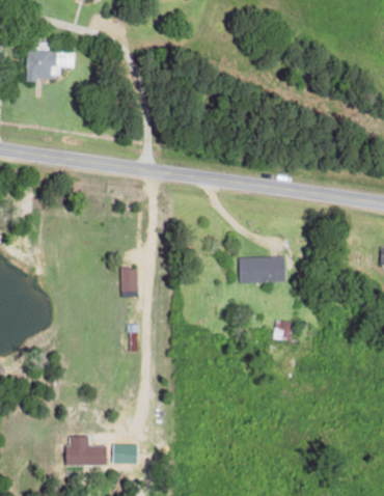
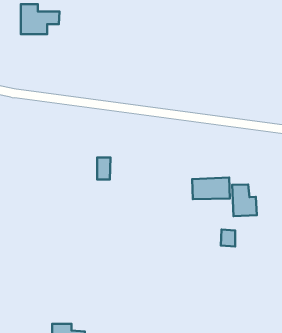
building: none -> [232,184,257,216]
building: [120,268,137,295] -> [97,158,111,179]

